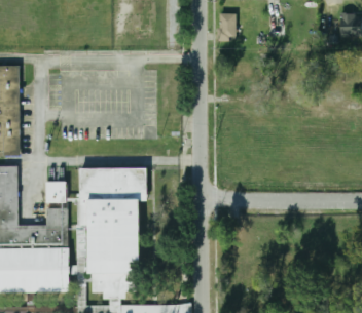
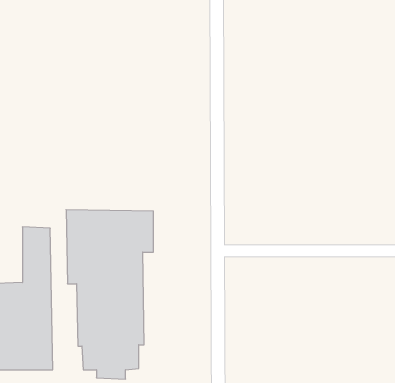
building: [217,14,234,41] -> none

